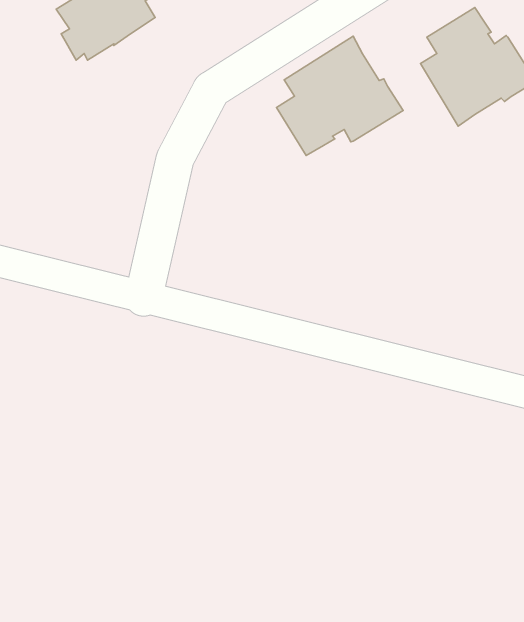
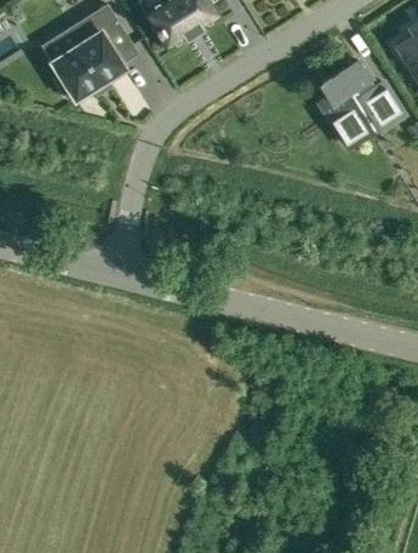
building: [276,36,403,156] -> none

